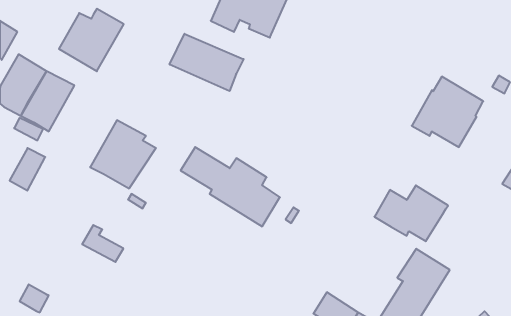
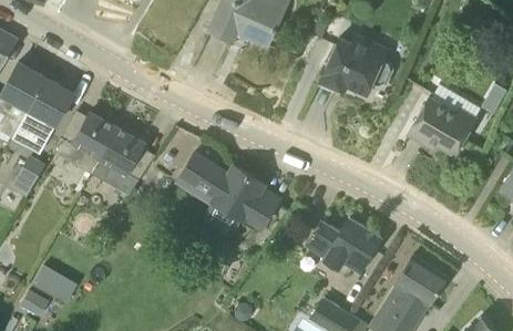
building: [59,9,124,71] -> [52,113,116,175]
building: none -> [320,40,393,95]
building: [170,34,244,91] -> none
building: [374,185,448,241] -> [308,218,381,273]
building: [82,225,123,262] -> [33,266,74,302]

